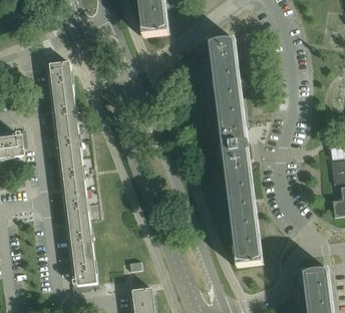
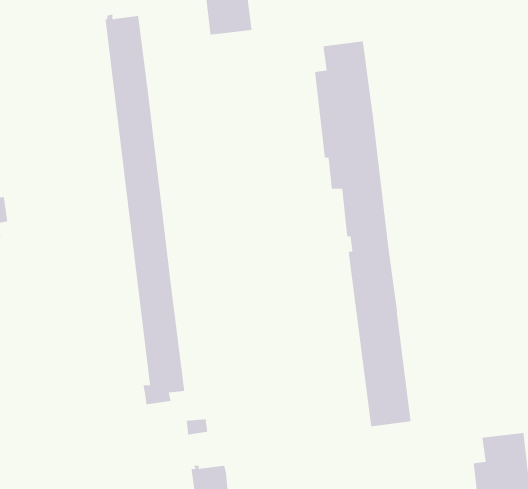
building: [49,58,96,288] -> [105,13,185,405]

